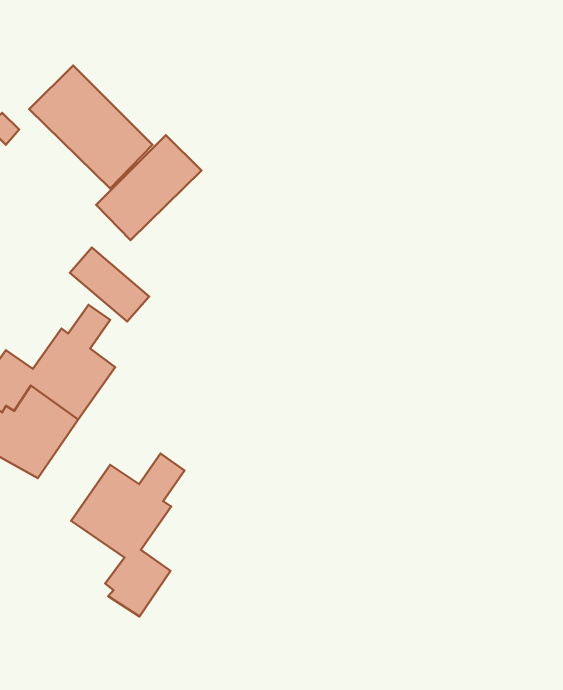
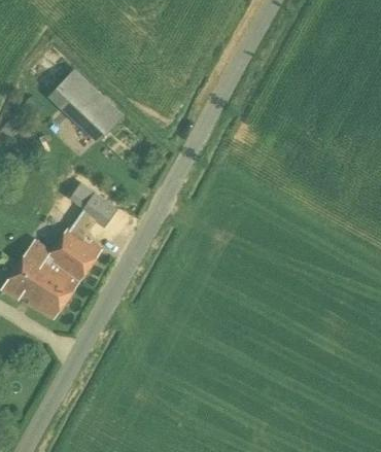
building: [96,135,201,240] -> none
building: [71,454,185,617] -> none

